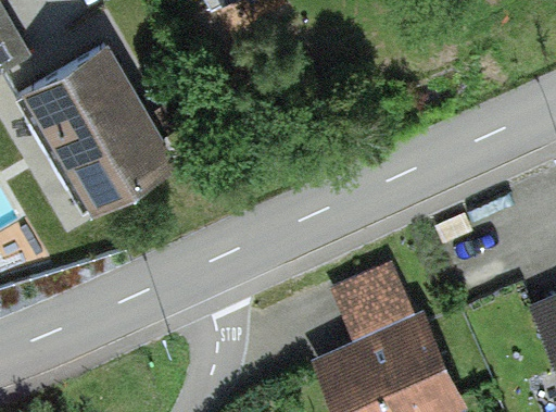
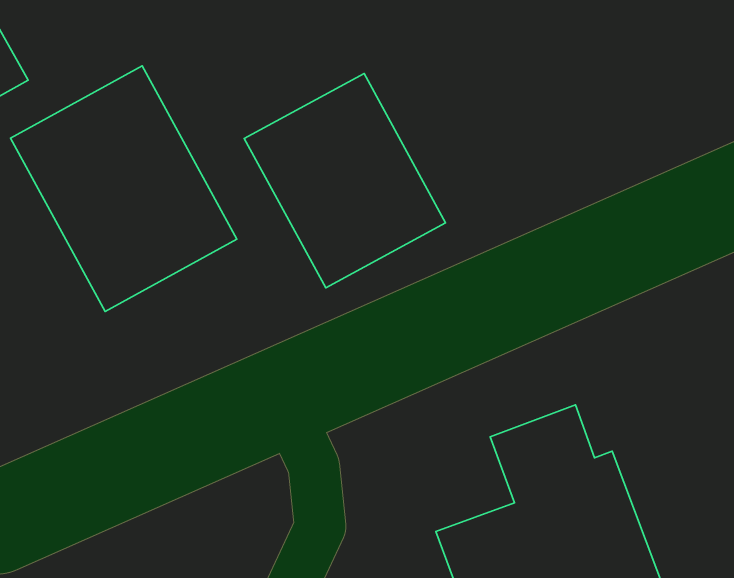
building: none -> [244,73,446,288]

